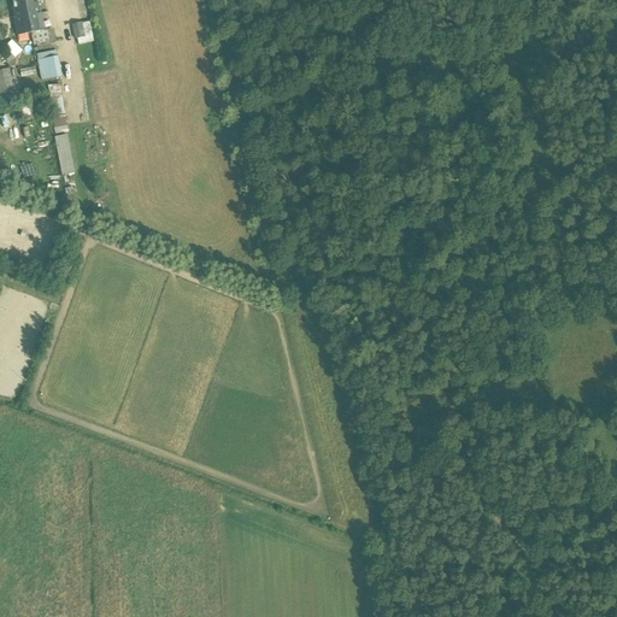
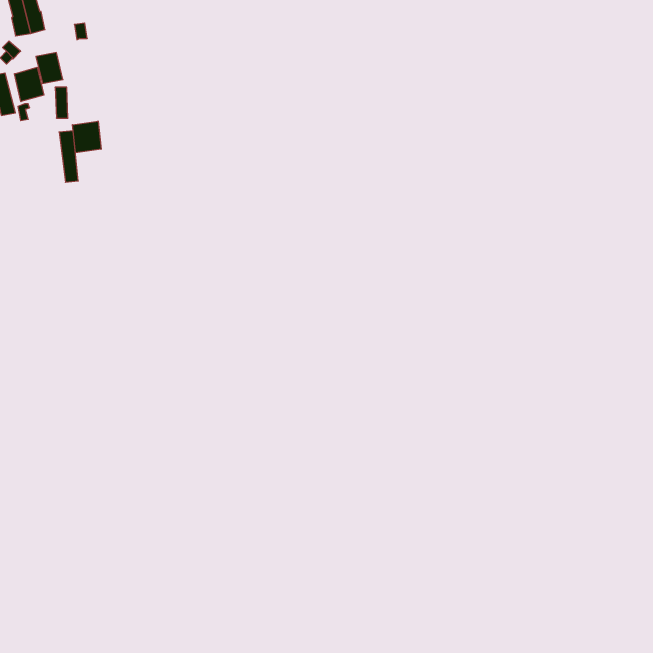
building: none -> [14,67,44,102]
building: none -> [72,121,101,153]

